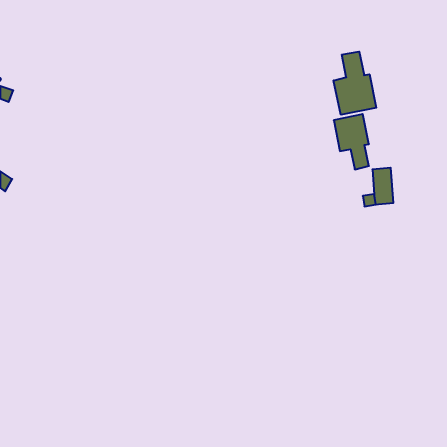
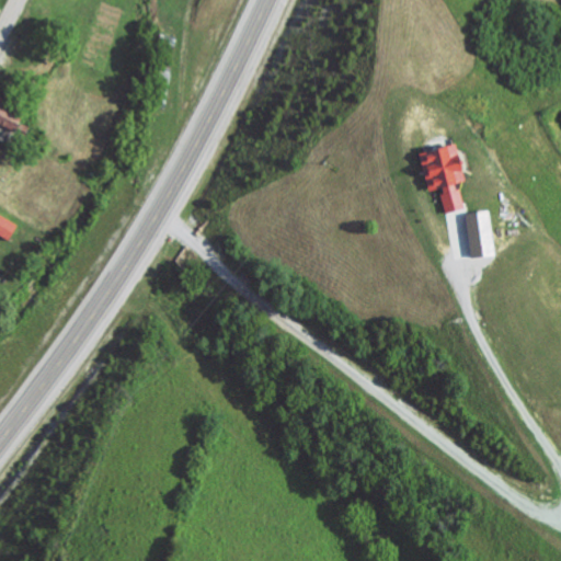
building: [334,52,376,115] -> none

